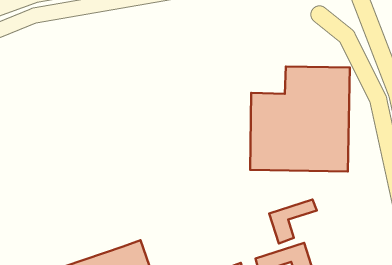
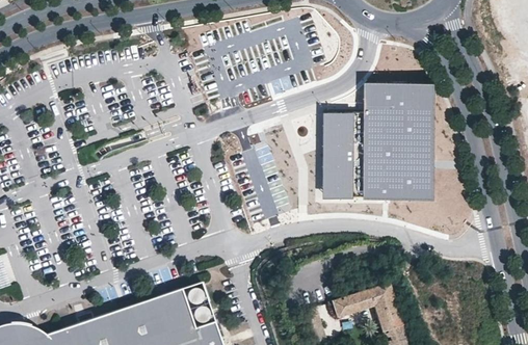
building: [269,199,317,243] -> none

